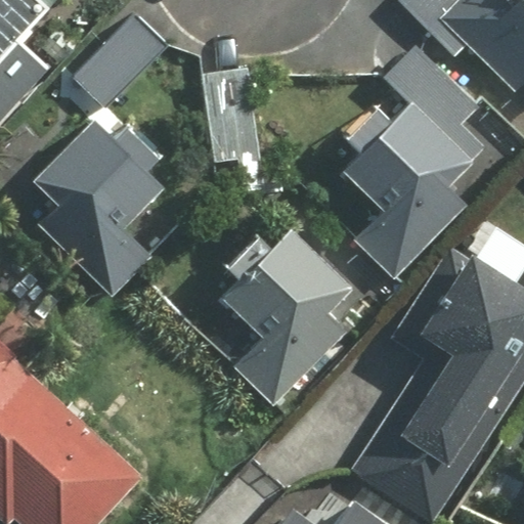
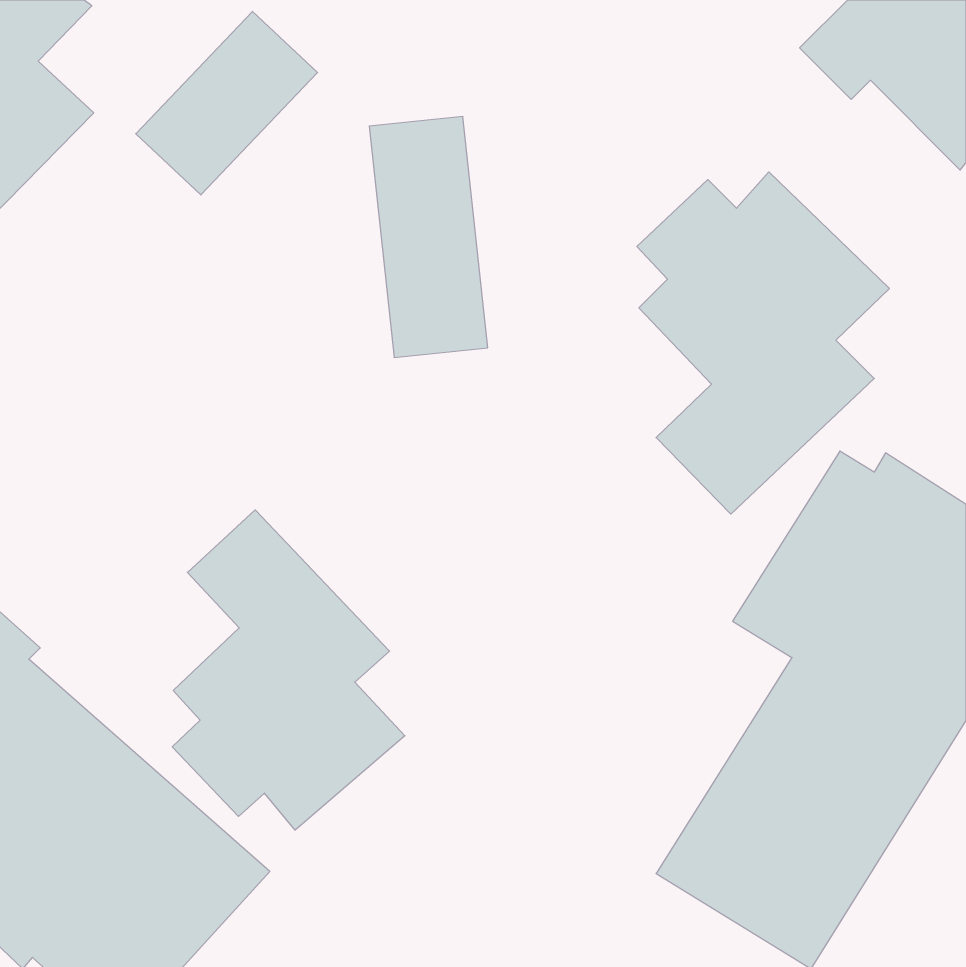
building: [35,117,168,297] -> none
building: [222,224,357,407] -> none
building: none -> [172,510,405,830]

